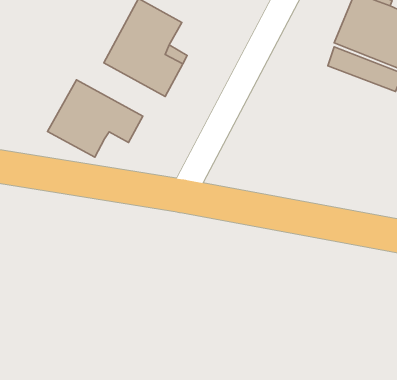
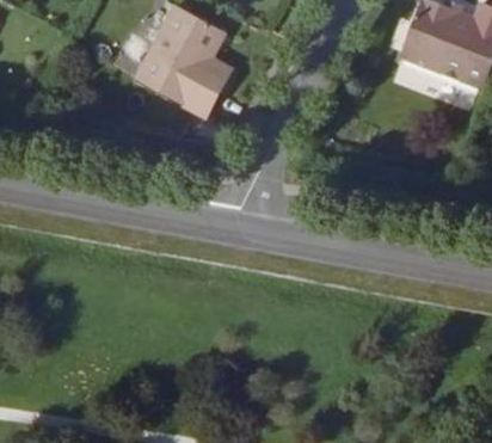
building: [48,80,143,157] -> none

